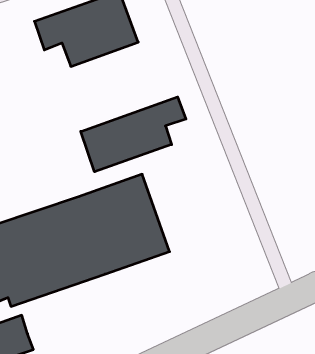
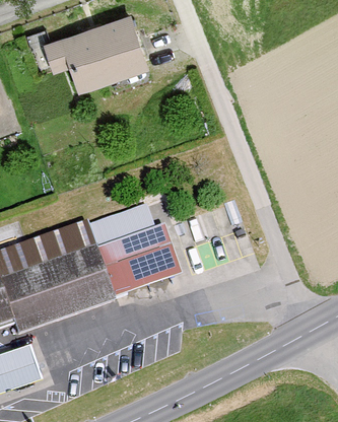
building: [81,97,186,172] -> none

